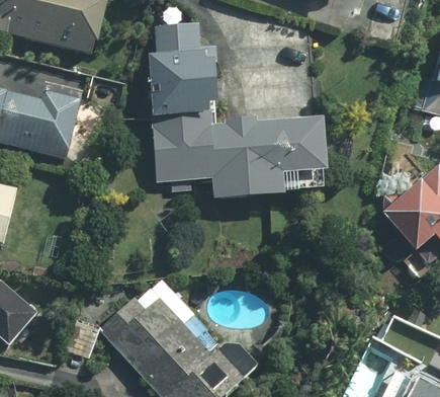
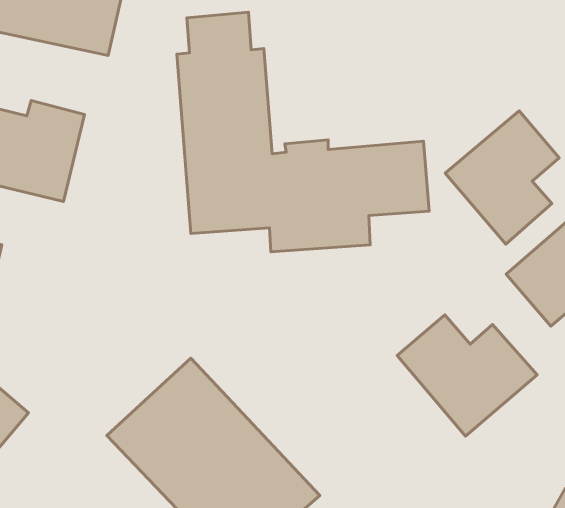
building: none -> [445,111,559,244]
building: none -> [397,315,537,436]

